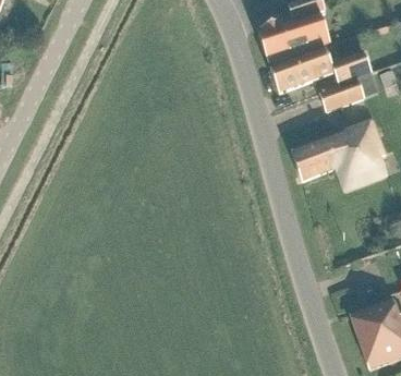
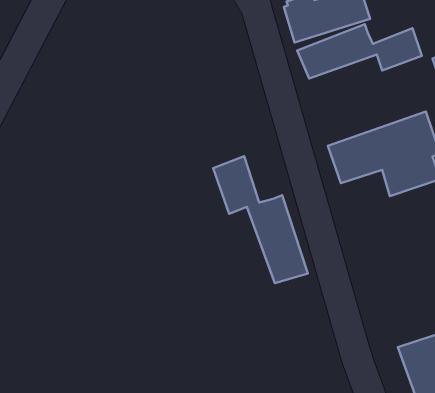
building: [319,81,362,111] -> none
building: none -> [213,156,308,283]

